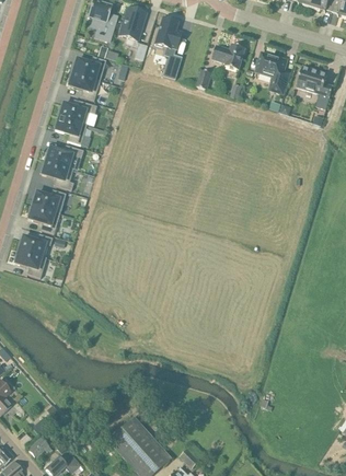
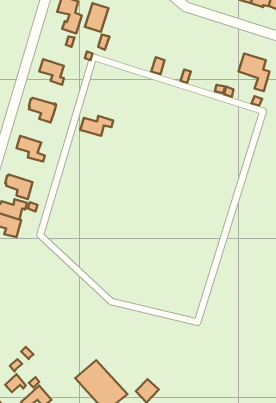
building: [153,18,183,77] -> none
building: [212,43,245,69] -> none
building: [256,53,289,92] -> none
building: [71,56,106,79] -> none
building: [58,100,96,123] -> [80,116,113,136]
building: [45,144,83,167] -> none
building: [31,188,66,213] -> none

